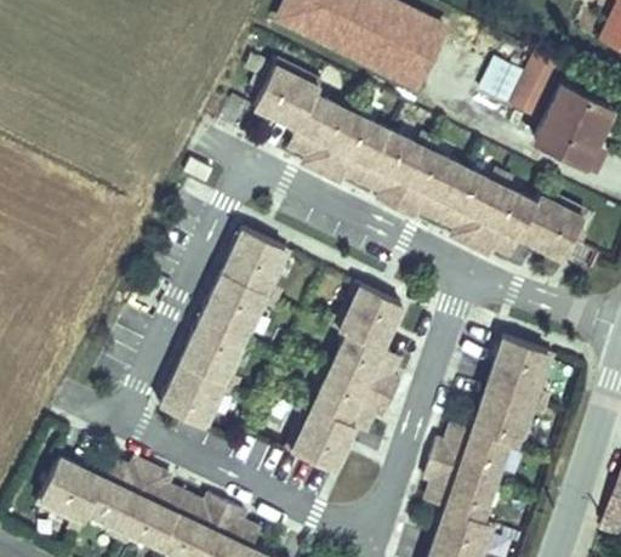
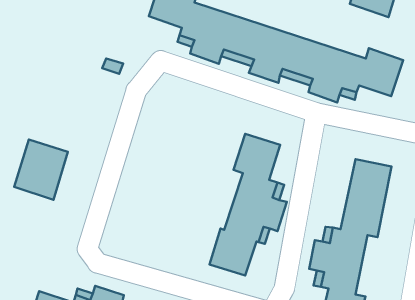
building: [158,224,292,428] -> none
building: none -> [14,139,68,200]

